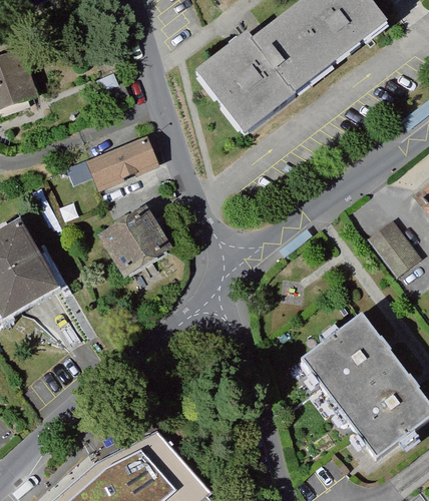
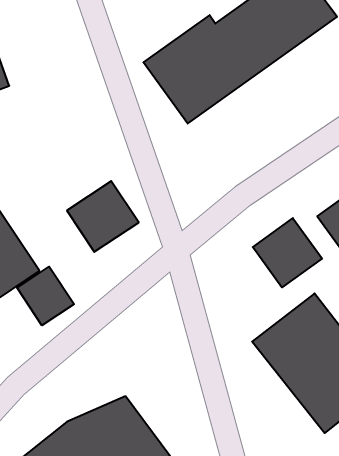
building: [85,133,158,186] -> none
building: none -> [253,218,322,287]
building: none -> [17,267,74,325]

